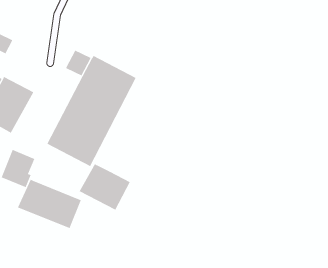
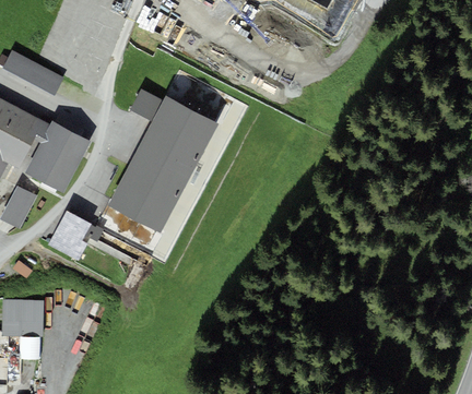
building: [79,163,130,211] -> none
building: [17,179,81,229] -> none

